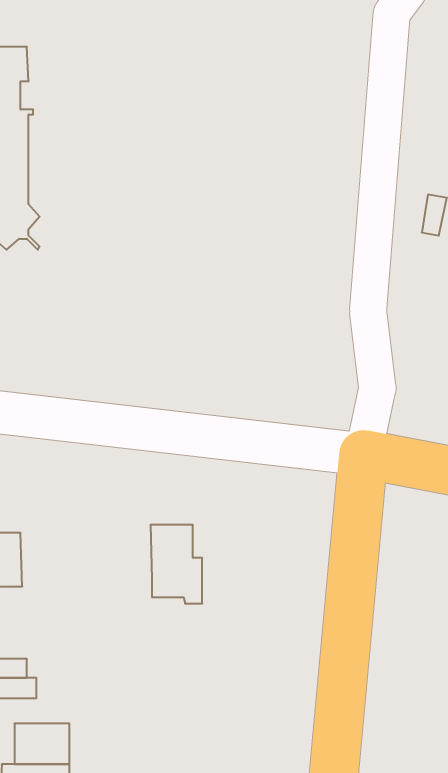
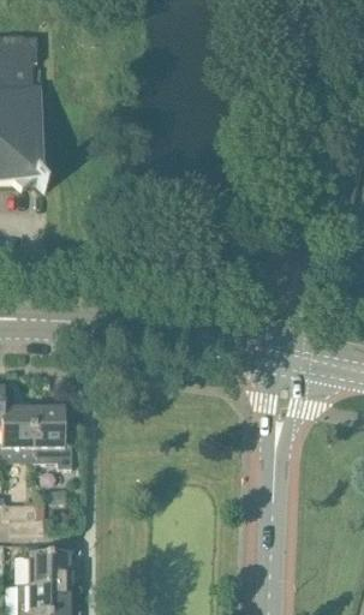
building: [150,525,202,604] -> [31,407,71,467]

